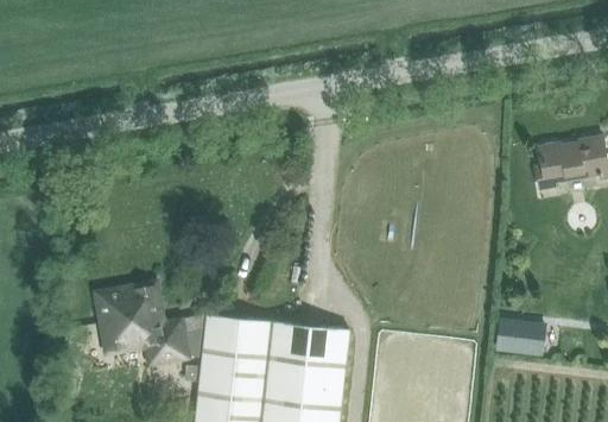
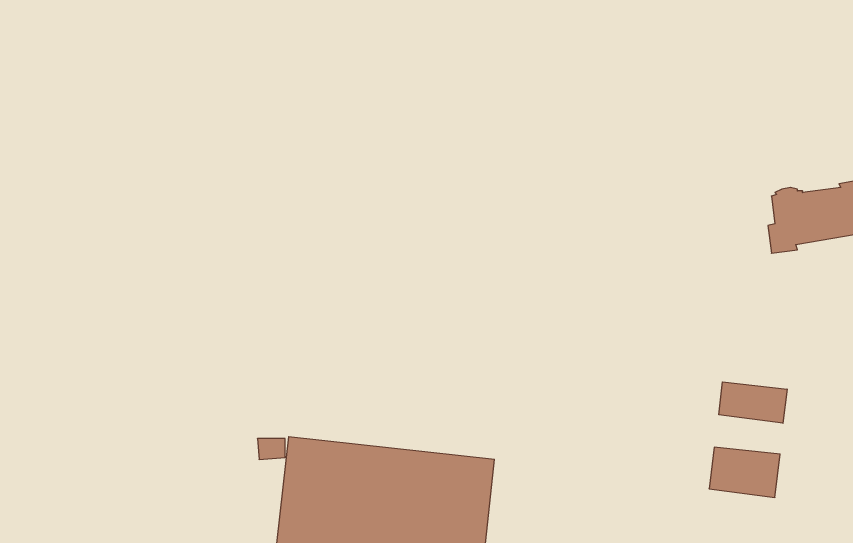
building: none -> [719,382,787,423]
building: [96,284,184,361] -> none

